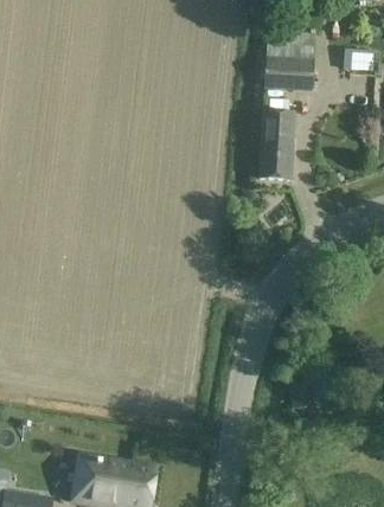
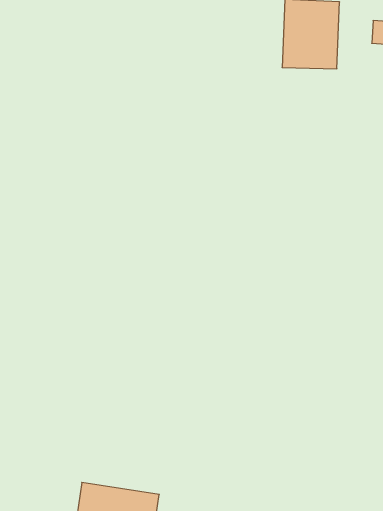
building: [261,110,294,178] -> none

